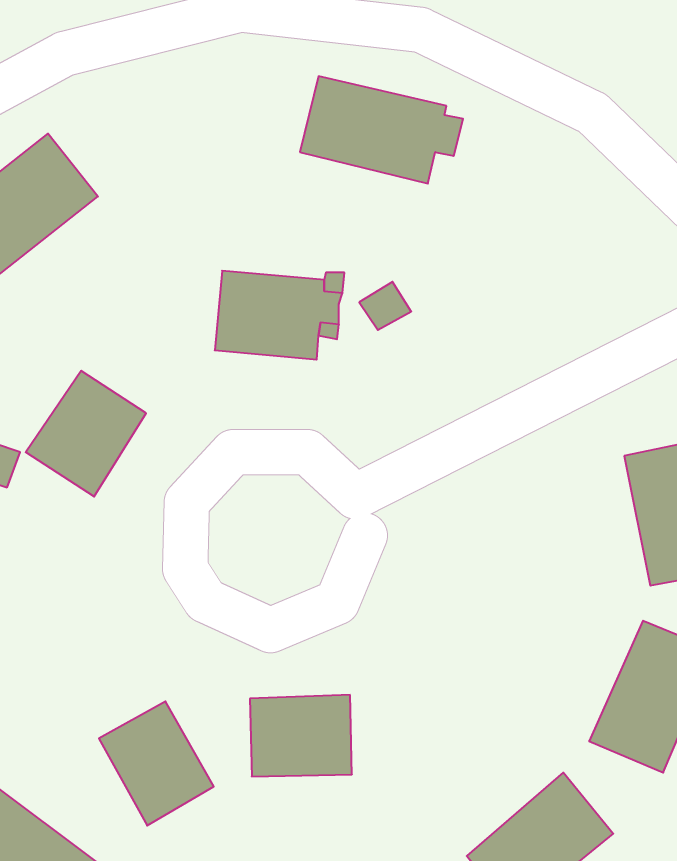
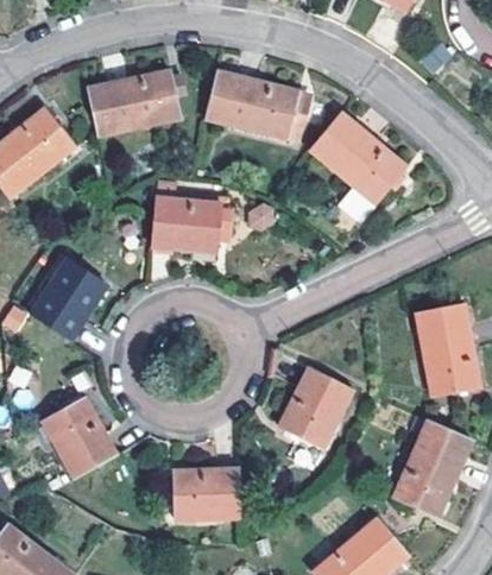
building: none -> [88,69,187,137]
building: none -> [309,112,408,221]
building: none -> [278,368,353,449]
building: [99,701,214,826] -> [43,397,116,476]

